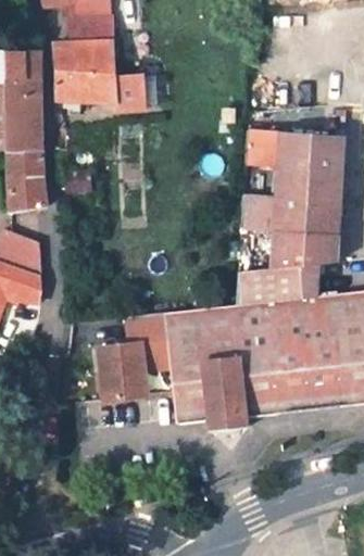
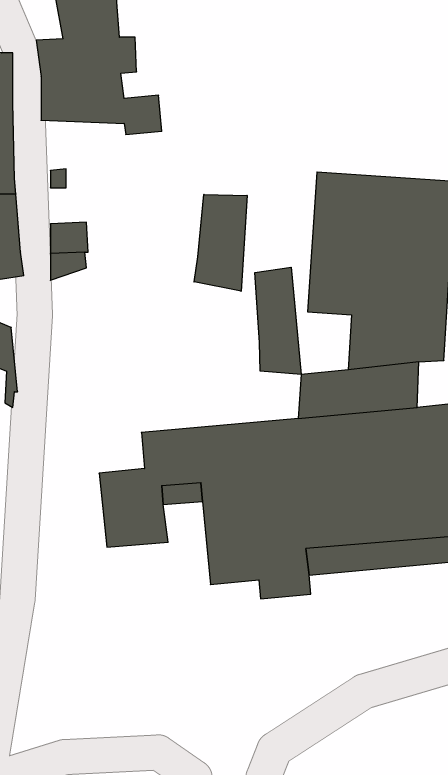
building: none -> [194,194,247,291]
building: none -> [255,267,301,374]

